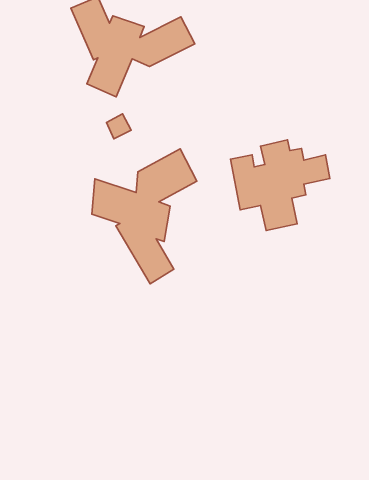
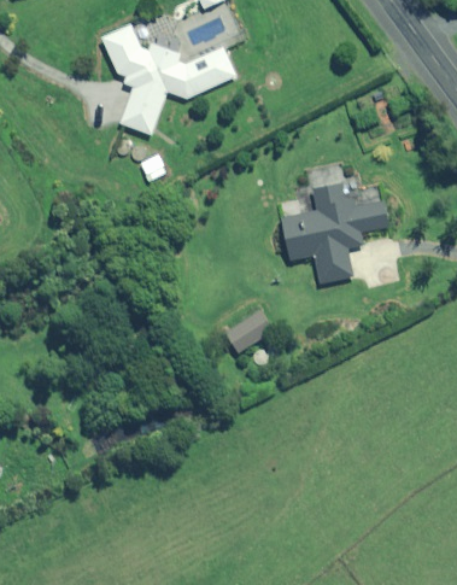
building: [92,149,197,284] -> none
building: none -> [224,309,274,353]

